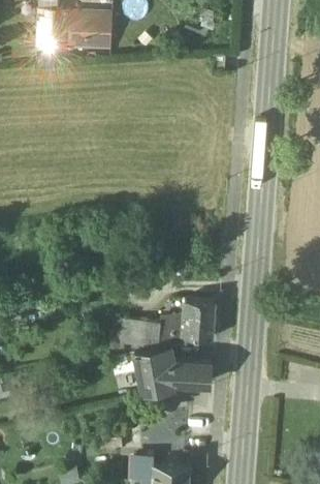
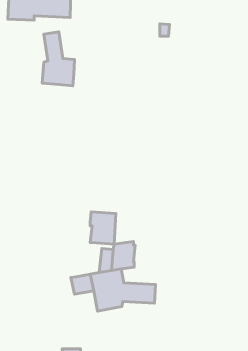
building: none -> [42,32,75,86]
building: [185,300,215,338] -> [90,212,116,244]

